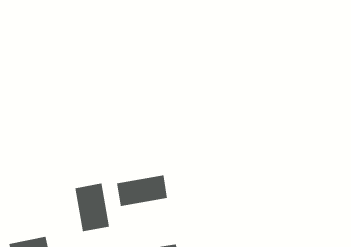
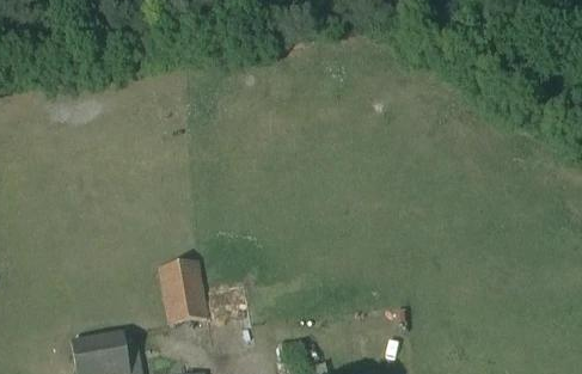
building: [116,174,168,207] -> none

